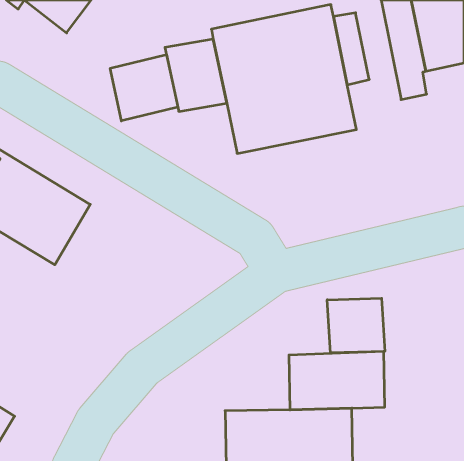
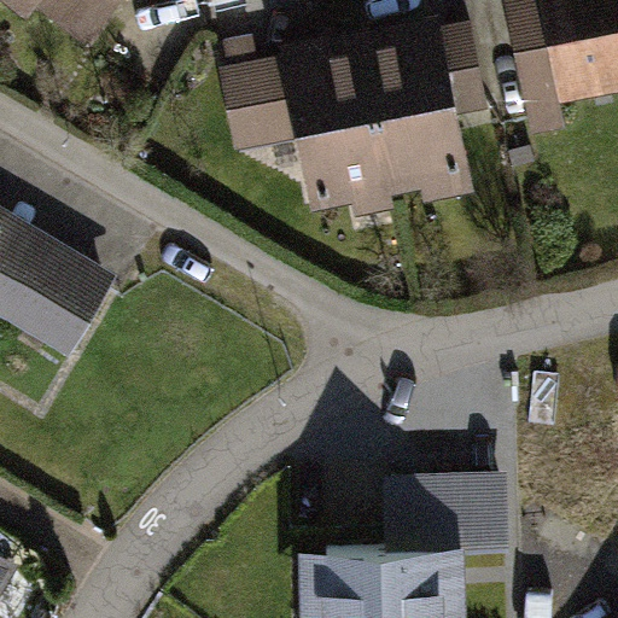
building: [110,54,178,121] -> none
building: [327,298,385,353] -> none

